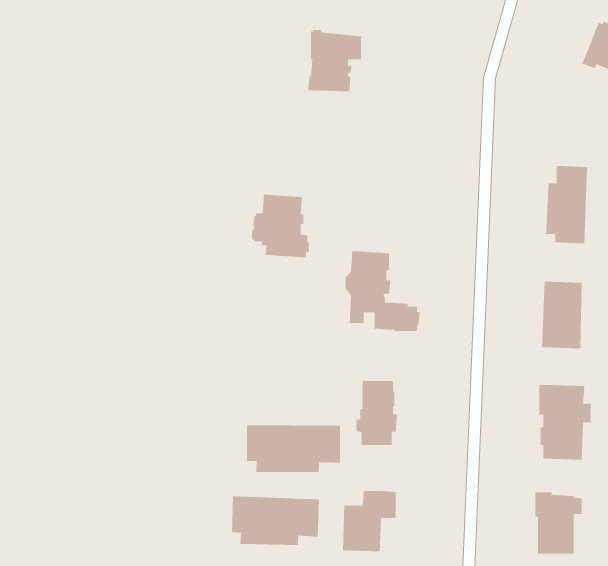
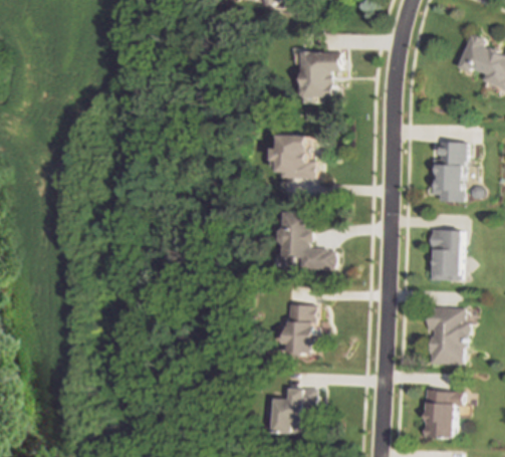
building: [308,29,362,92] -> [299,45,340,92]
building: [251,194,310,258] -> [269,130,313,178]
building: [247,425,340,473] -> none
building: [232,496,319,546] -> none

